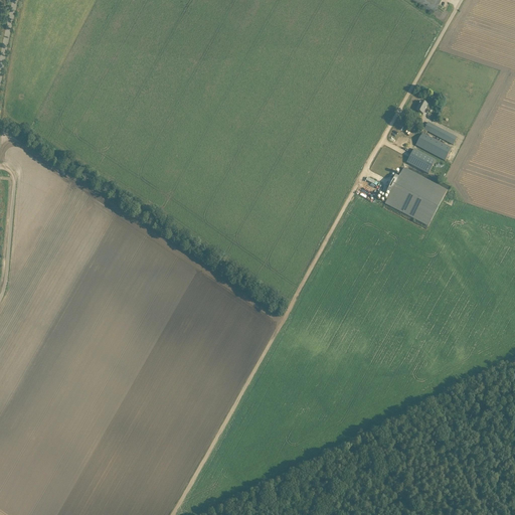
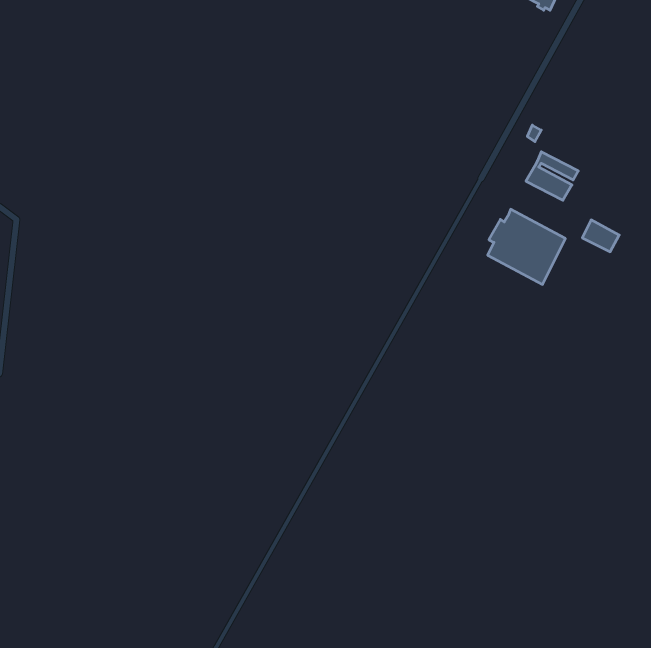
building: [405,146,435,171] -> [582,220,619,252]

